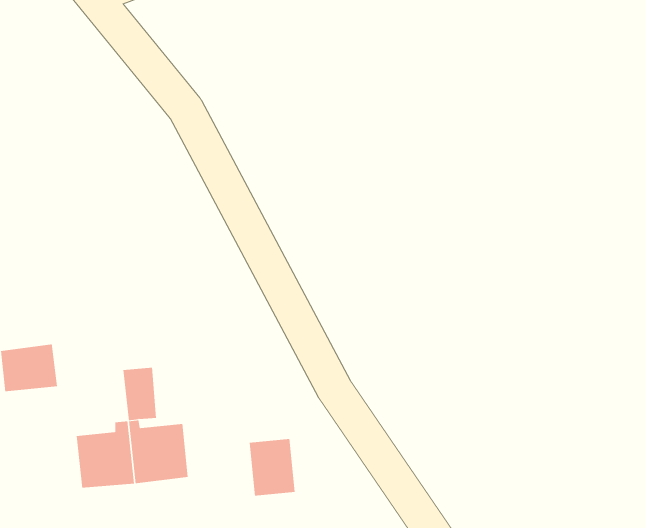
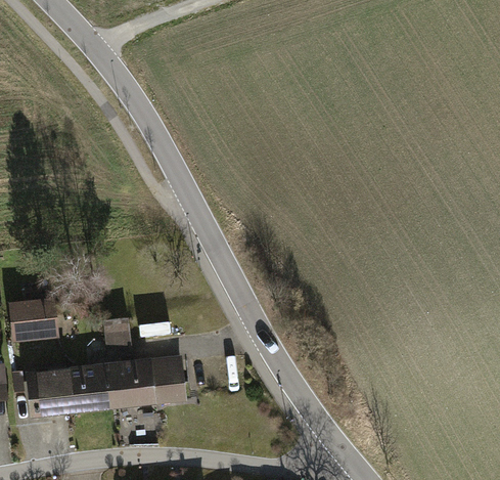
building: none -> [30,372,73,414]
building: [249,439,296,496] -> [148,359,183,402]

